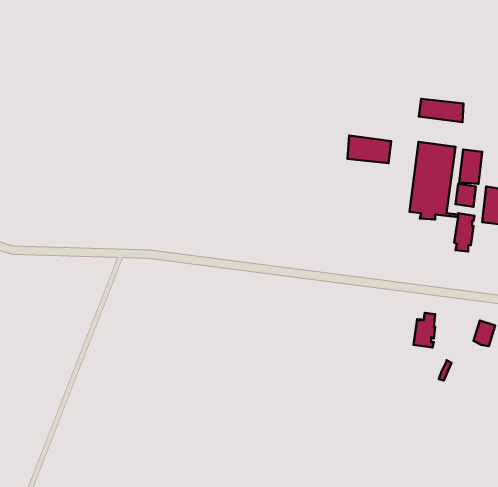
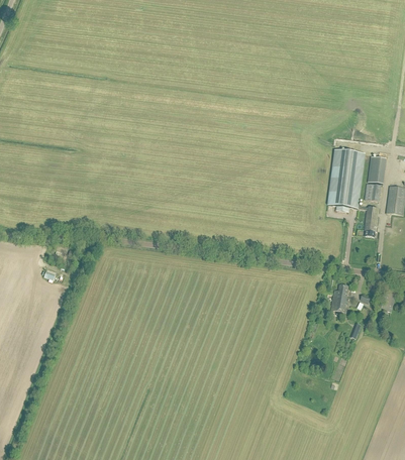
building: [419,99,464,122] -> none
building: [347,135,391,163] -> none

